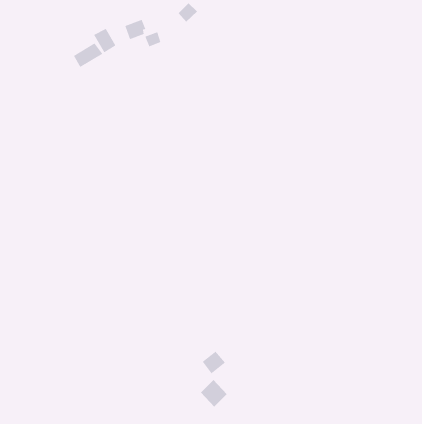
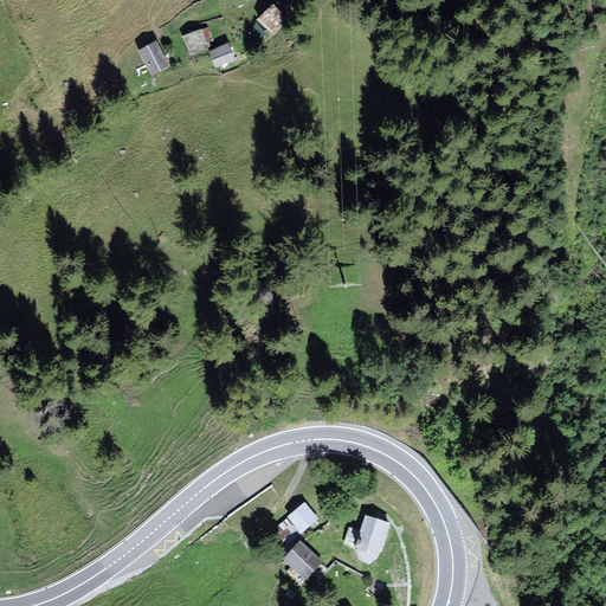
building: [73,42,103,68] -> none
building: none -> [344,514,394,563]

